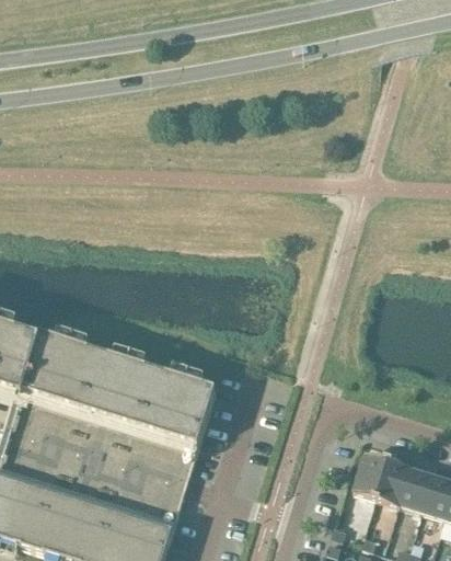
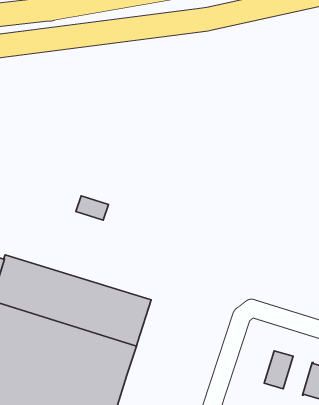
building: none -> [76,196,108,220]
building: [375,456,410,503] -> none

